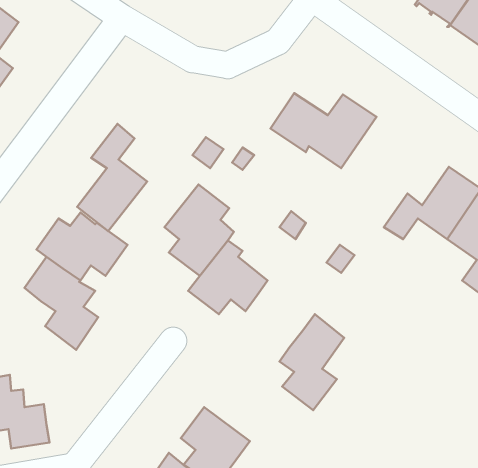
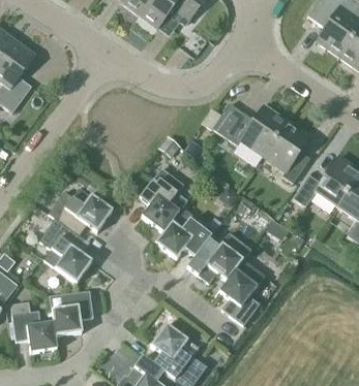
building: none -> [262,120,309,183]
building: [77,124,147,231] -> none
building: none -> [186,231,250,283]
building: none -> [49,290,92,335]

